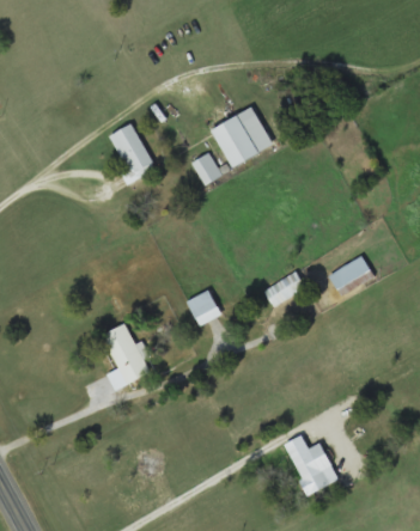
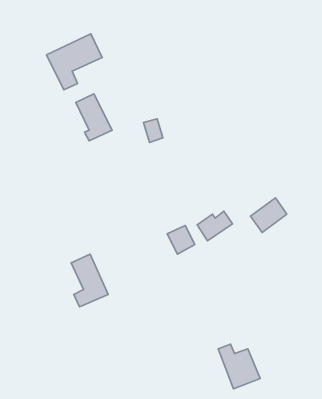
building: none -> [47,34,102,90]
building: [211,106,273,167] -> none
building: [187,291,221,326] -> [167,225,195,254]

